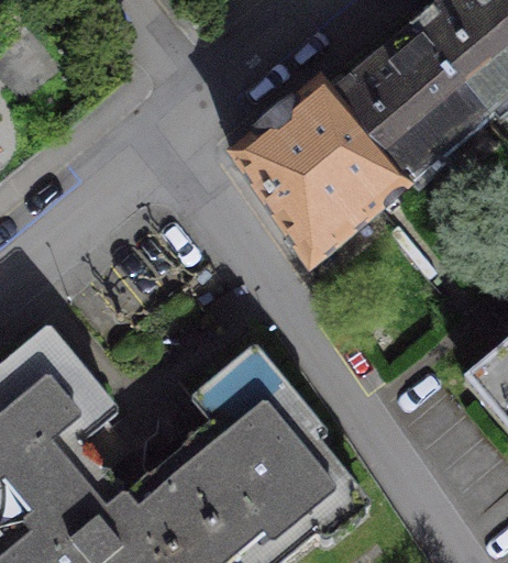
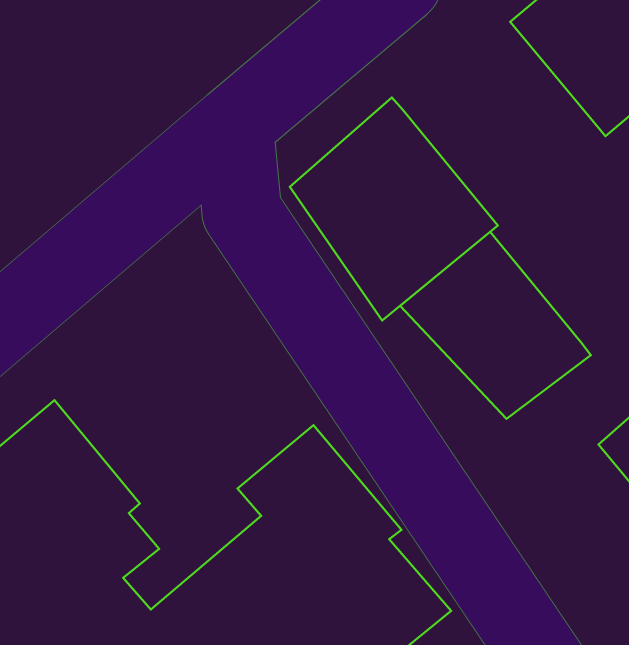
building: [325,31,487,194] -> none
building: none -> [400,232,591,419]

